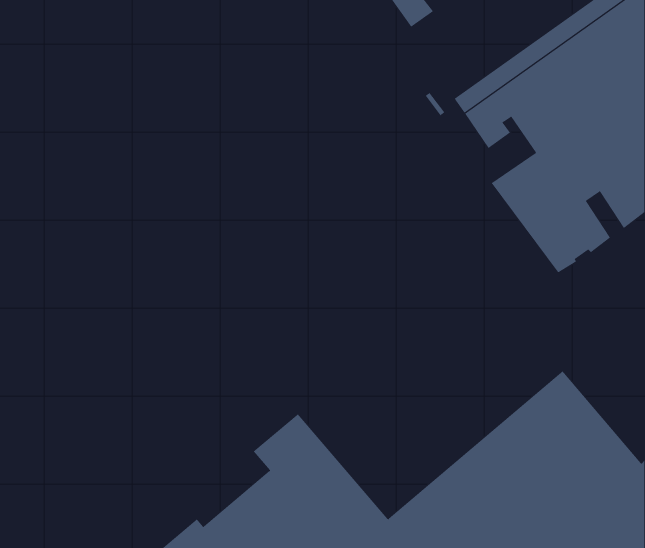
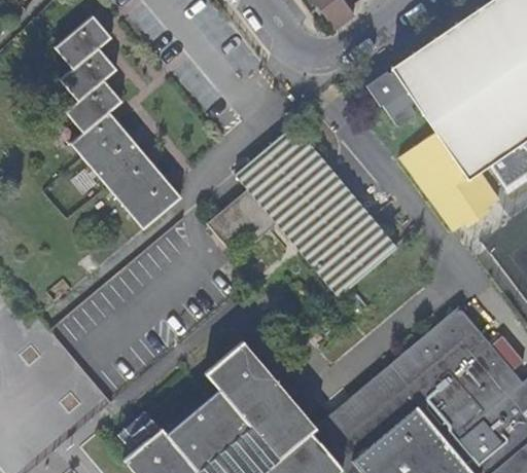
building: none -> [55,14,182,228]
building: none -> [210,126,397,297]

